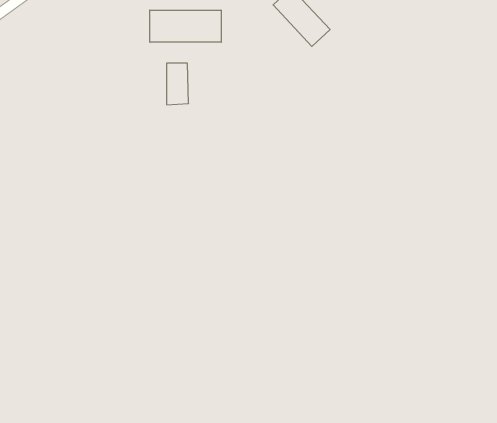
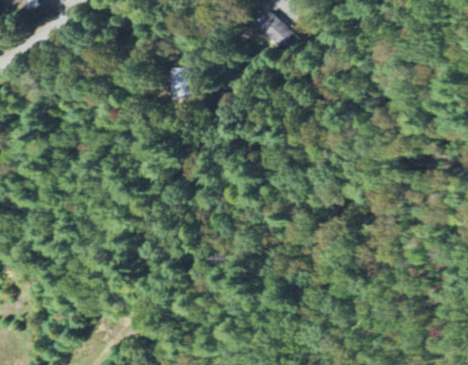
building: [150,10,221,42] -> none

